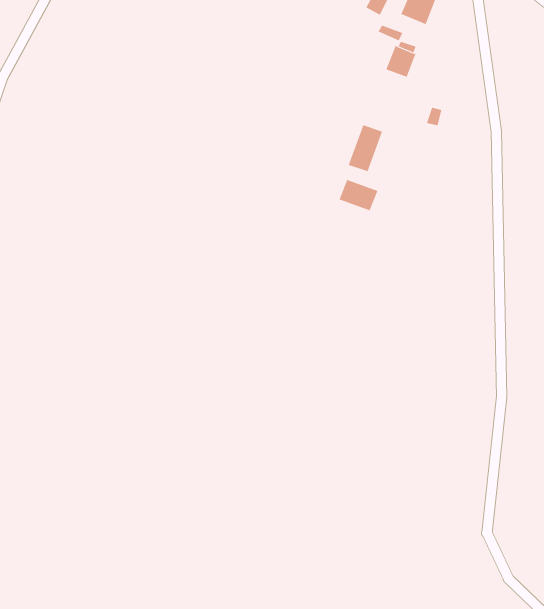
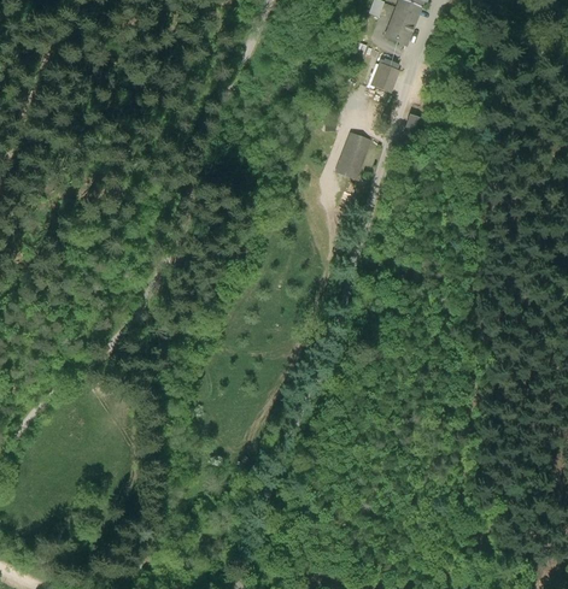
building: [339,179,378,211] -> none

